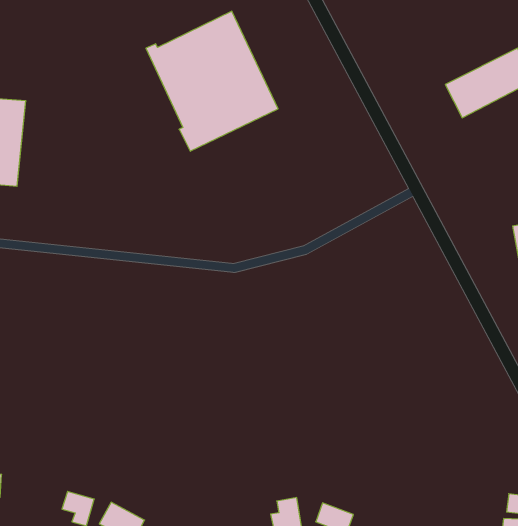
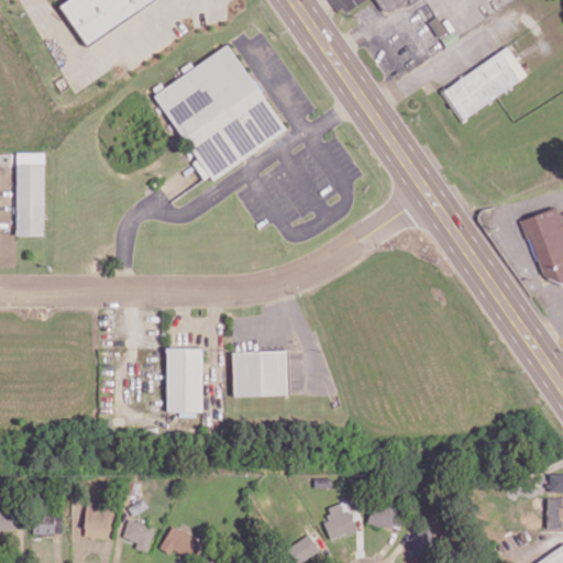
building: none -> [166,347,202,416]
building: none -> [232,350,289,397]
building: none -> [82,501,112,540]

